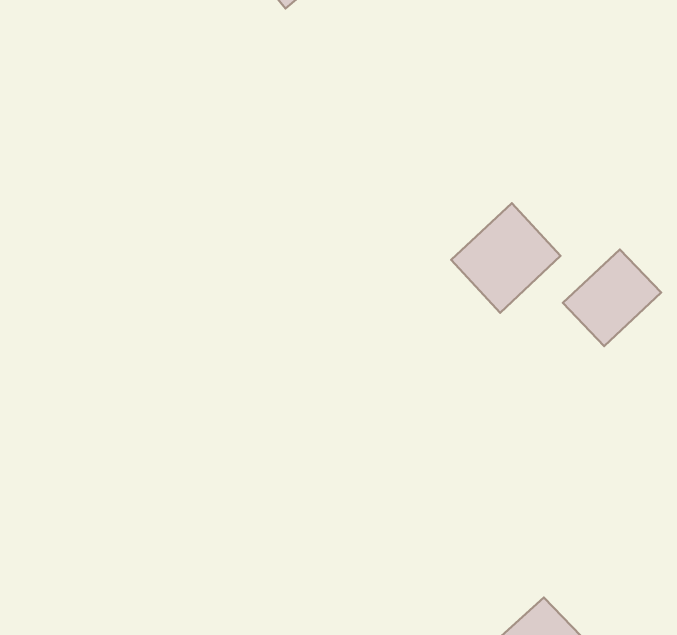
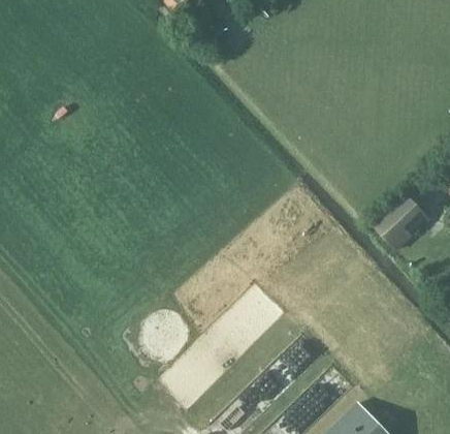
building: [451,203,561,313] -> none

